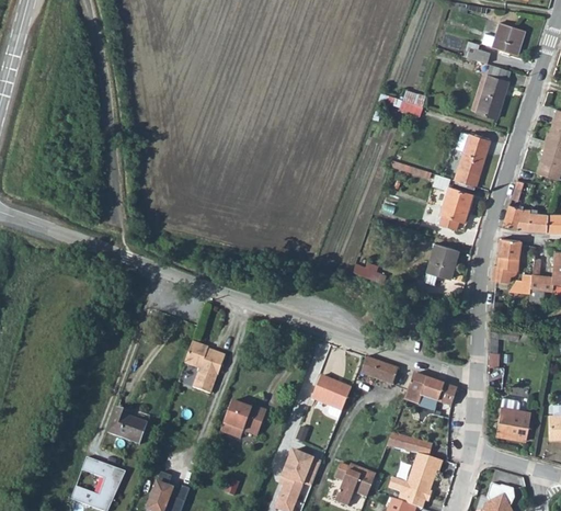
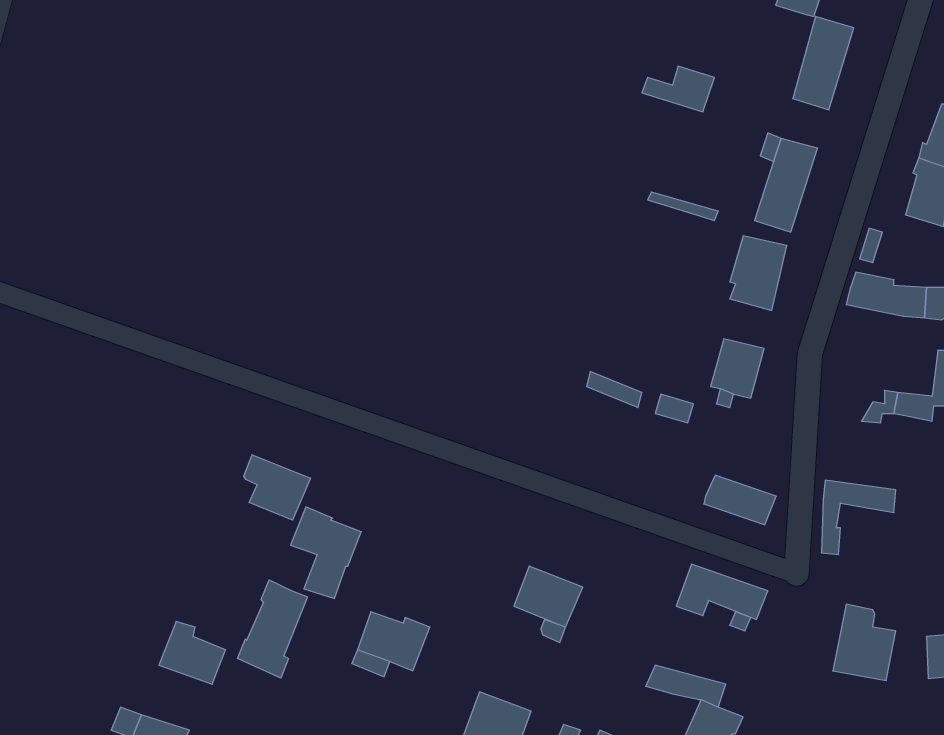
building: [493,241,522,284] -> none
building: none -> [244,455,310,520]
building: [357,357,399,386] -> [704,475,776,525]
building: none -> [238,580,307,678]

